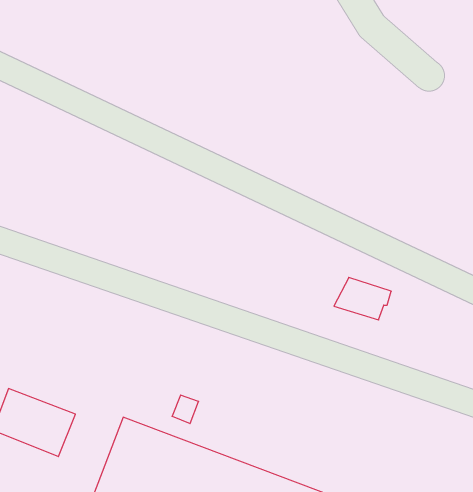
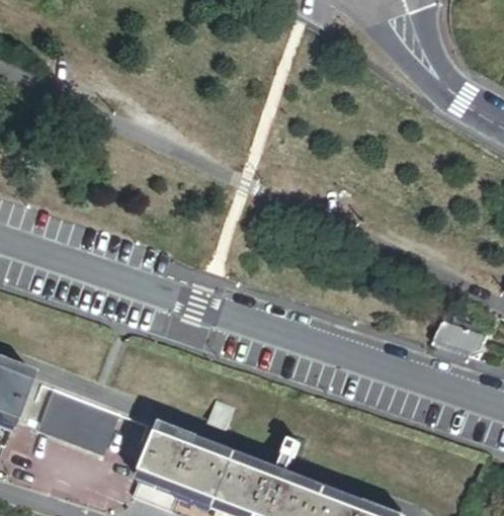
building: [334,277,391,320] -> [431,317,486,357]

